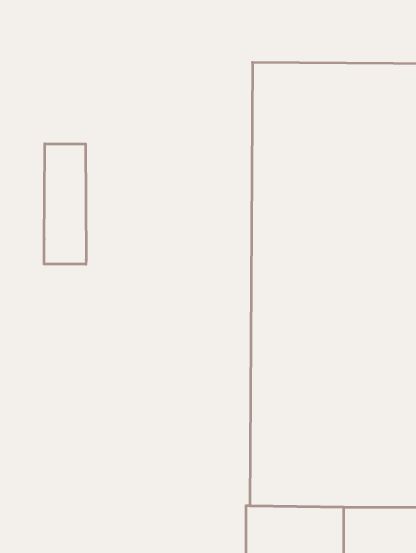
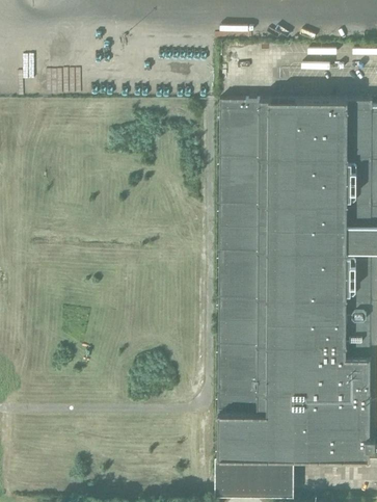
building: [44,144,86,264] -> none

